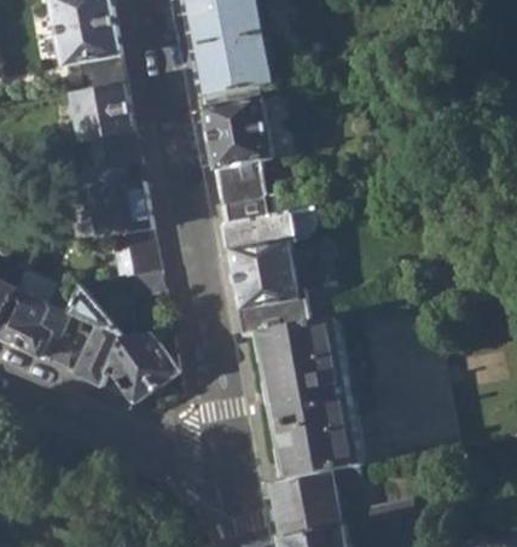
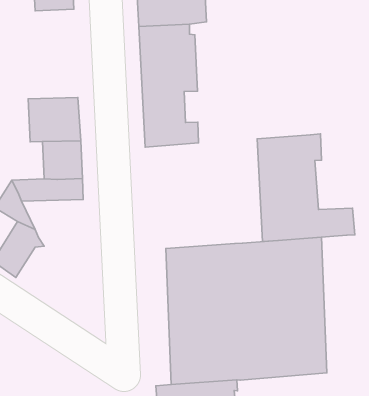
building: [68,83,136,170] -> none
building: [221,210,342,337] -> [257,134,355,242]
building: [98,333,175,405] -> none

